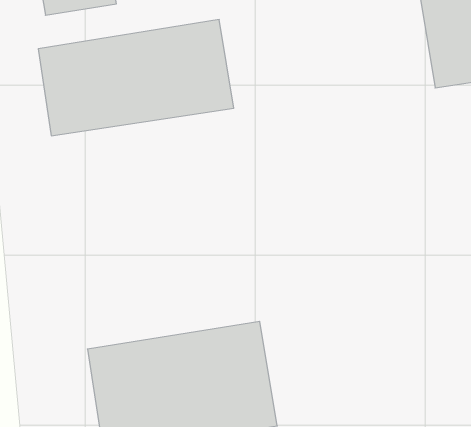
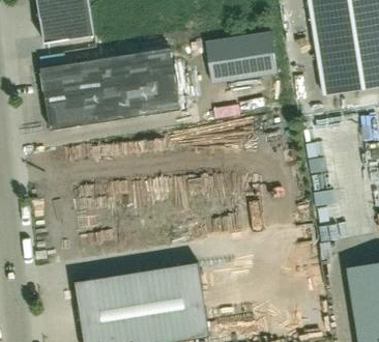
building: none -> [203,38,278,86]

